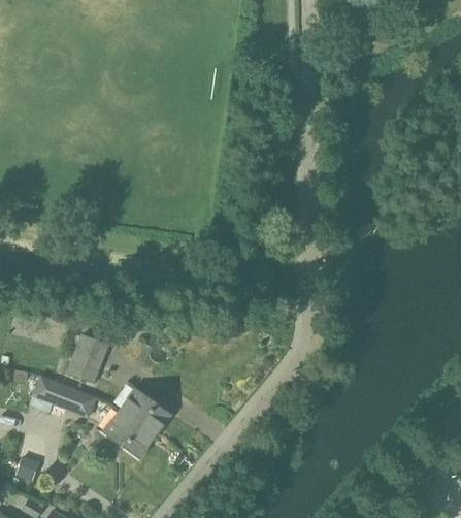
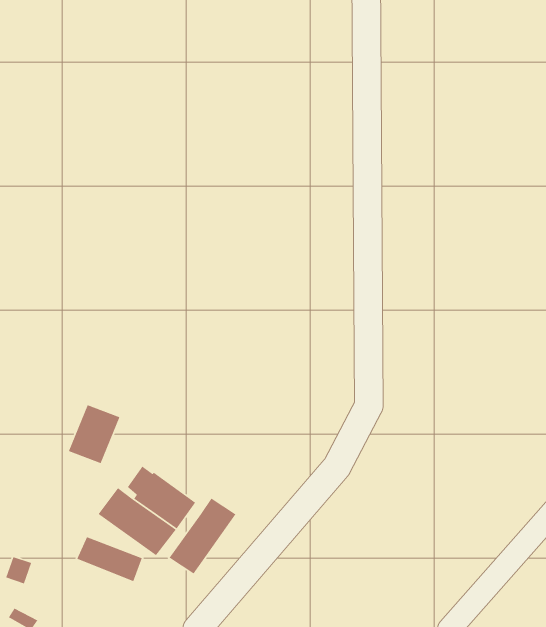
building: [34,377,88,414] -> [76,536,143,582]
building: none -> [169,498,237,575]

